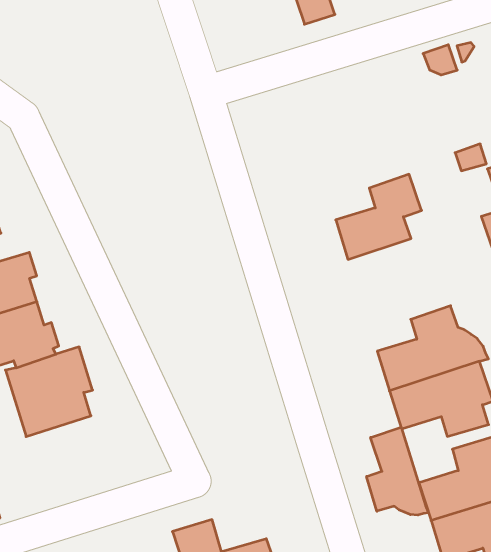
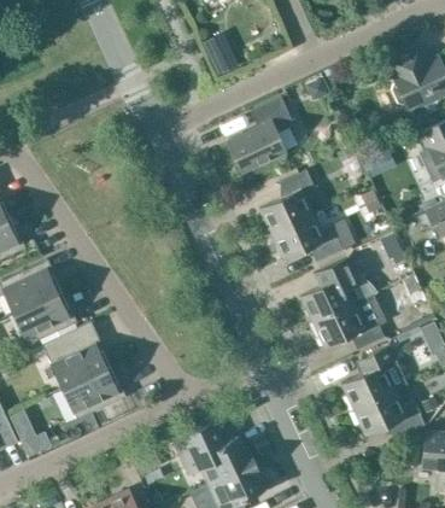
building: none -> [228,97,294,173]
building: none -> [271,215,344,262]
building: none -> [63,368,127,420]
building: [367,427,428,515] -> none

